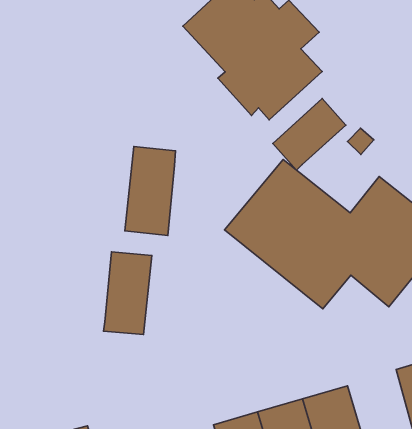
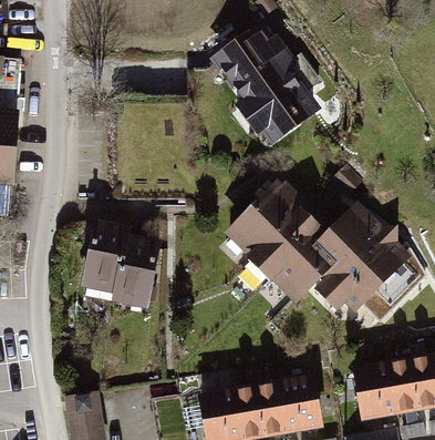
building: [273,98,346,170] -> none
building: [125,146,175,235] -> [81,221,131,298]

